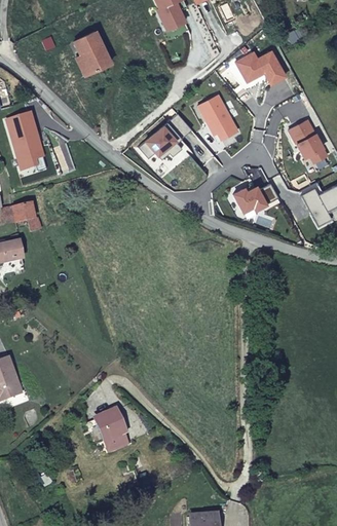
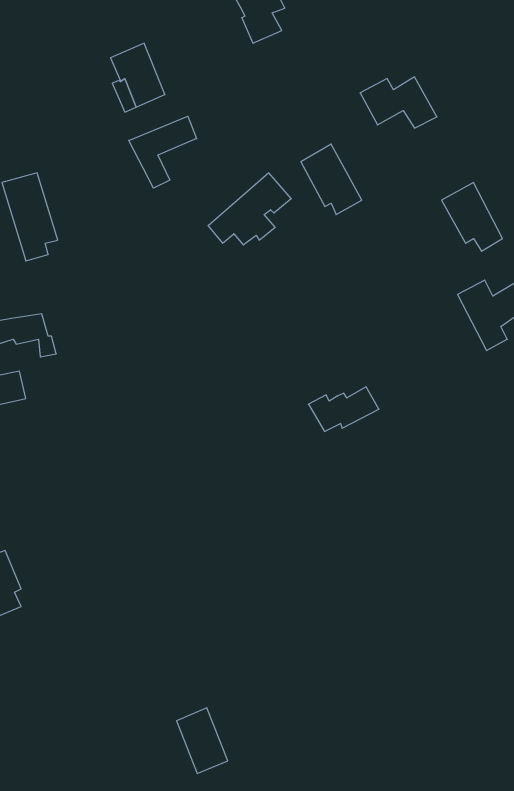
building: none -> [129,116,197,188]
building: [232,183,277,212] -> [308,387,379,431]
building: [96,409,128,451] -> [177,708,228,774]

